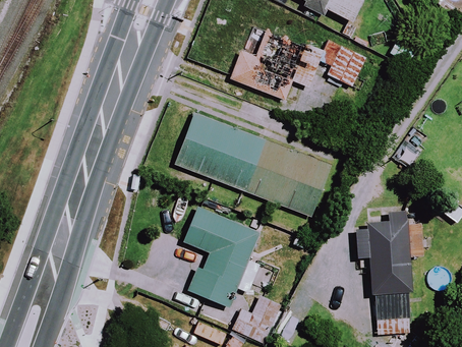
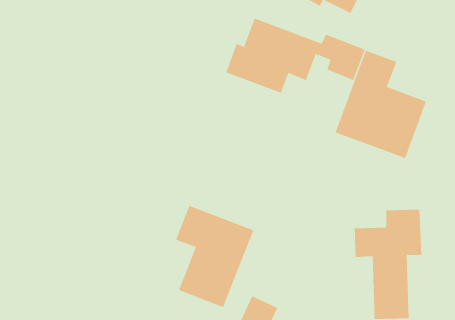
building: none -> [335,50,427,159]
building: [175,113,330,217] -> none

